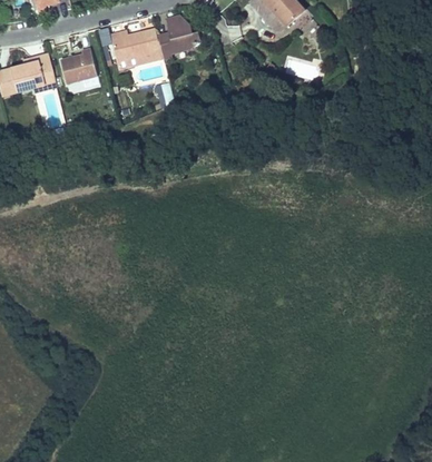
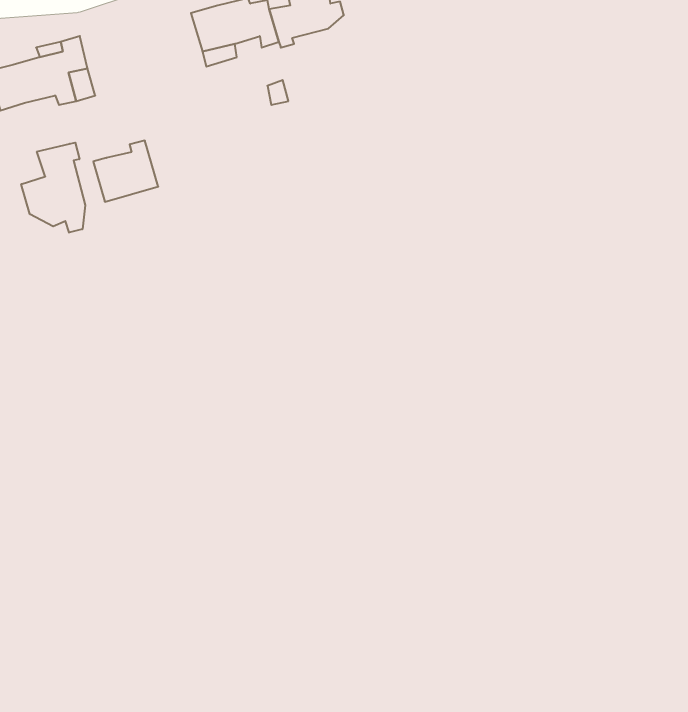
building: [60,48,98,83] -> [93,141,158,202]
building: none -> [21,143,85,233]

